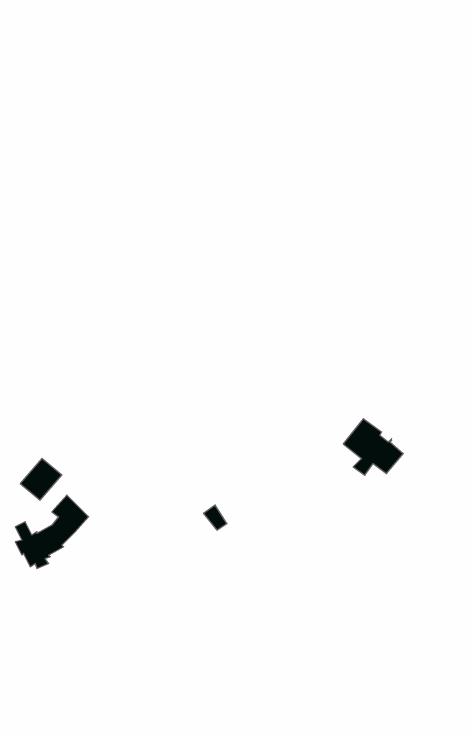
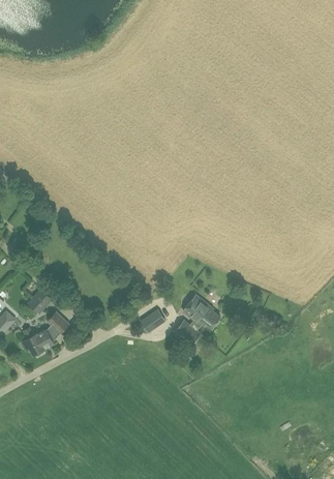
building: [343,419,403,475] -> [183,294,220,329]

